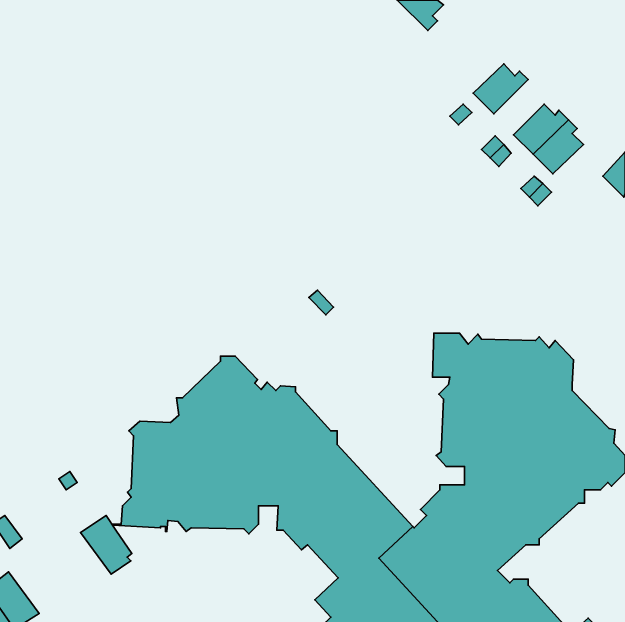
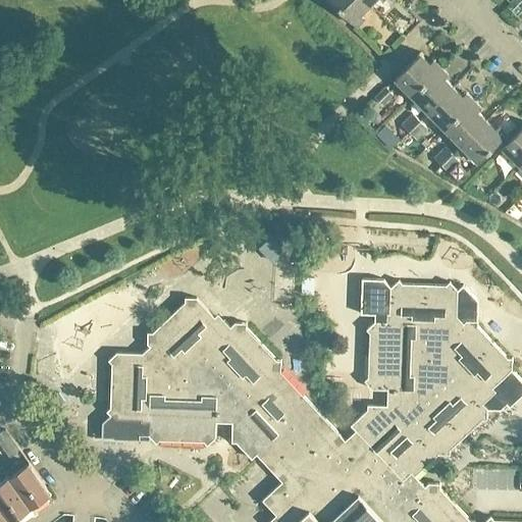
building: none -> [411,69,453,115]
building: none -> [460,123,506,165]
building: [80,515,132,574] -> [7,465,50,514]

